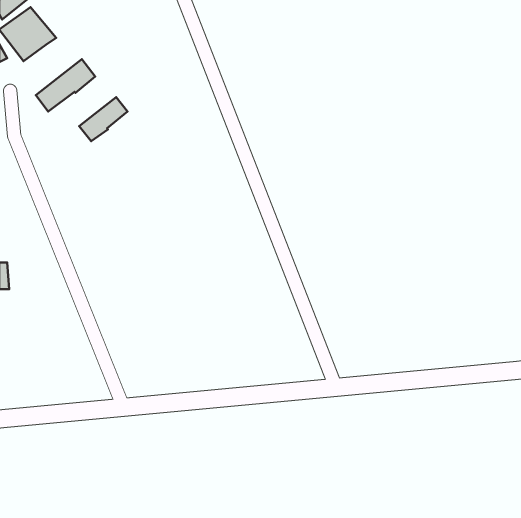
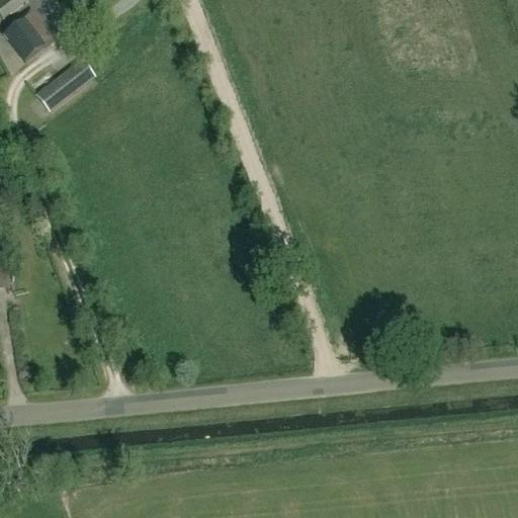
building: [79,97,127,141] -> none

